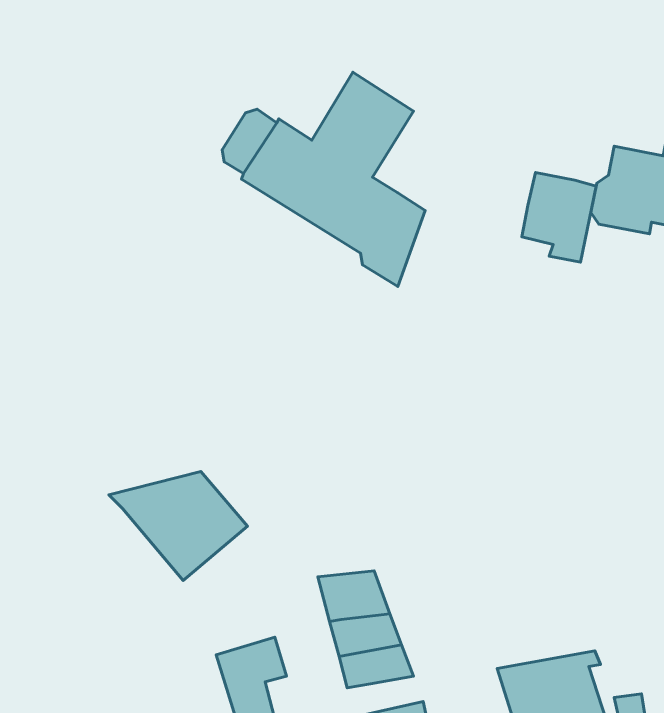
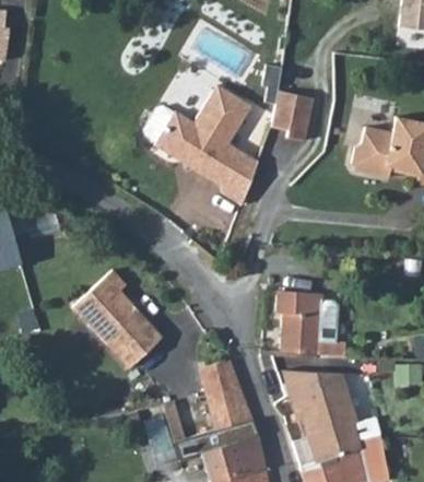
building: [522,172,596,262] -> [273,92,315,142]
building: none -> [72,274,134,322]
building: none -> [274,290,323,354]
building: none -> [280,366,355,420]

